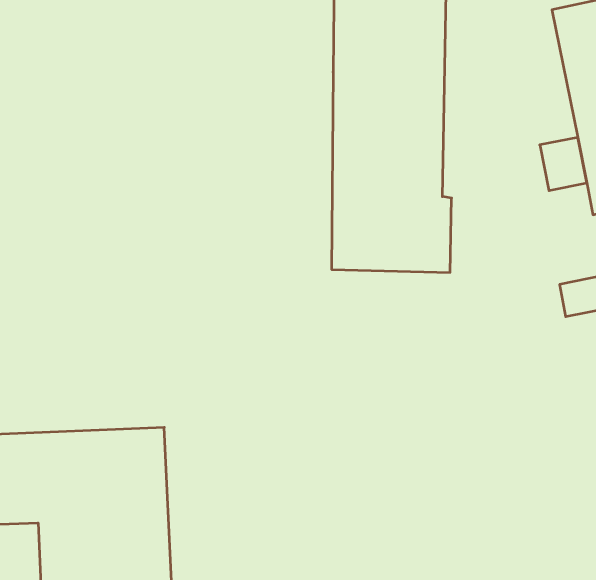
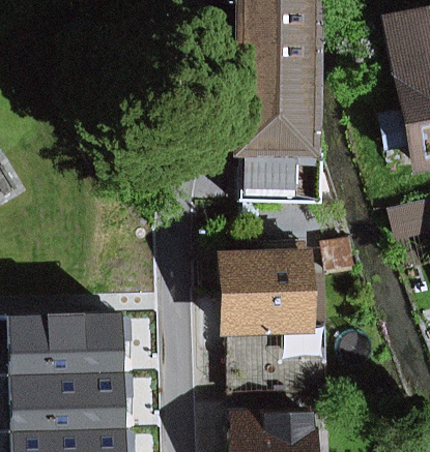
building: none -> [223,248,325,397]

